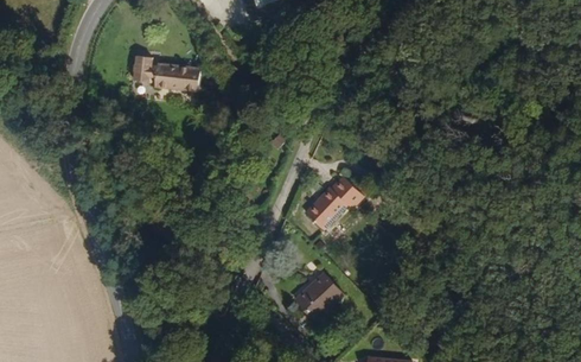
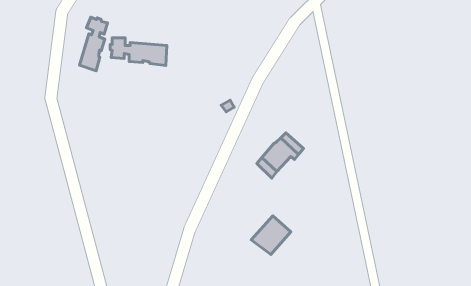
building: none -> [79,17,108,71]

